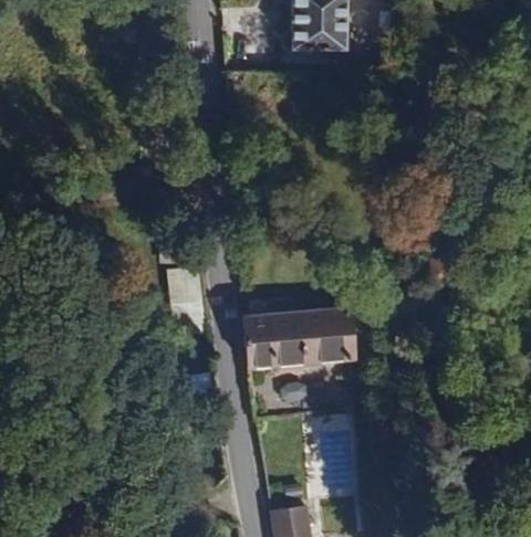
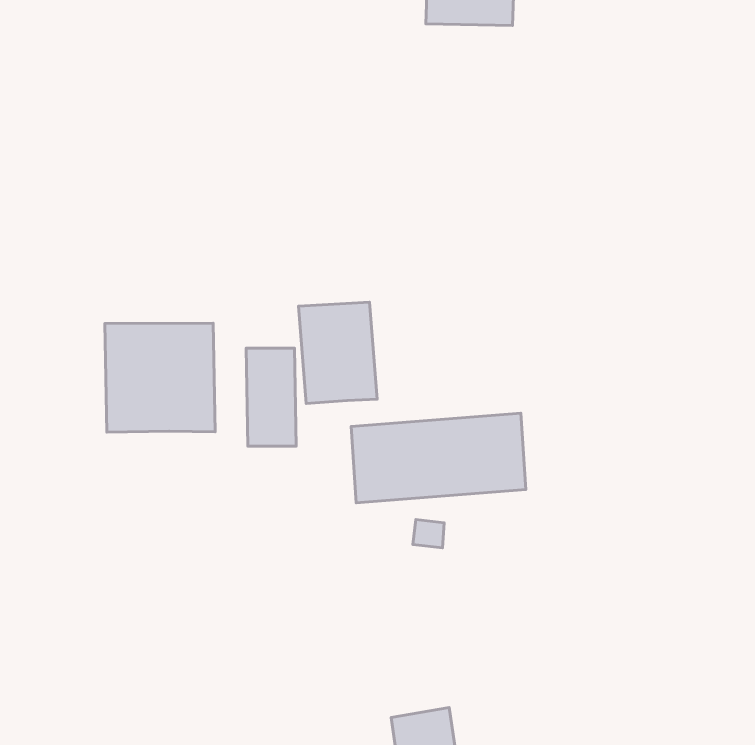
building: none -> [299,302,377,404]
building: none -> [105,323,215,432]

